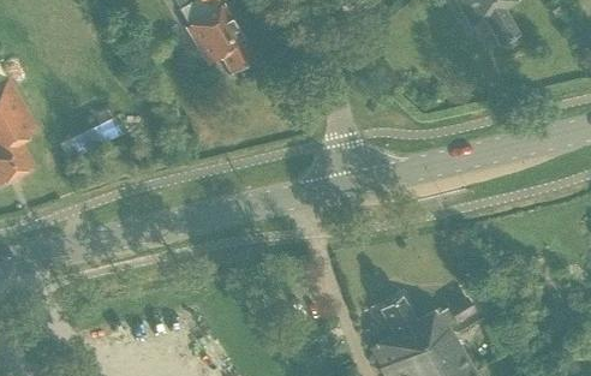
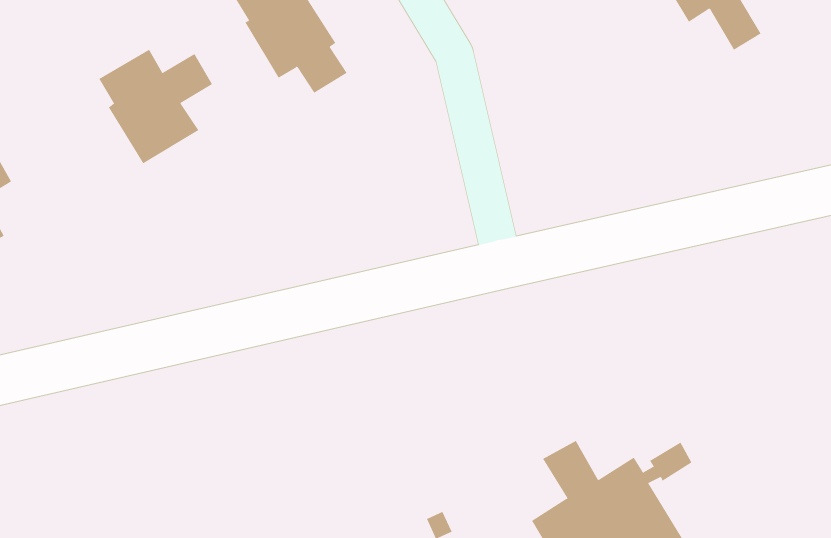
building: none -> [98,49,213,164]

